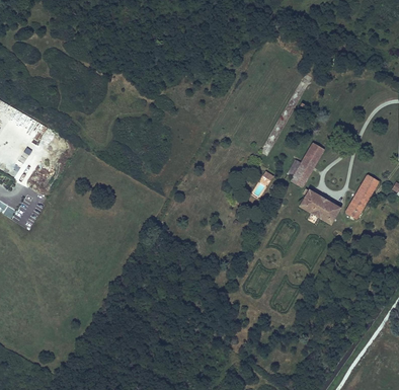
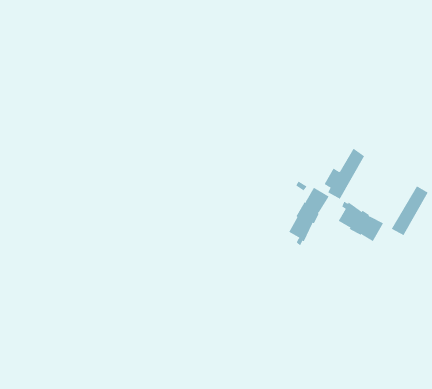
building: none -> [288,187,329,246]

